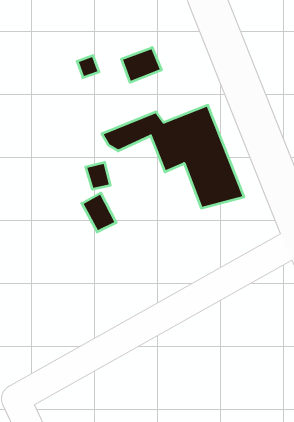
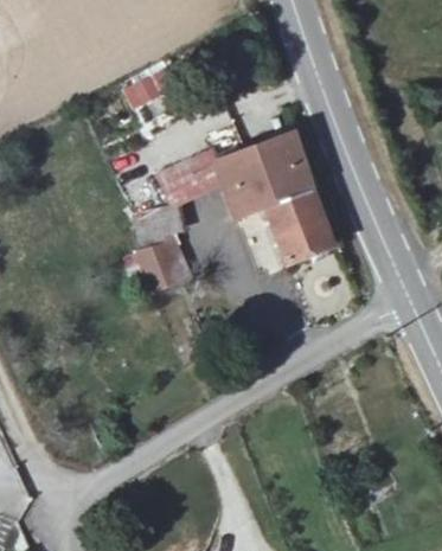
building: [122,47,161,82] -> none

